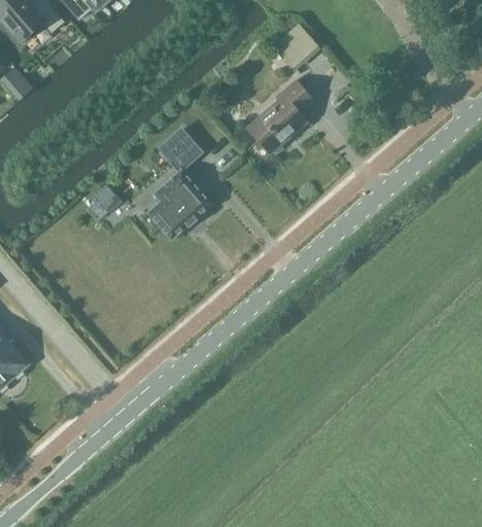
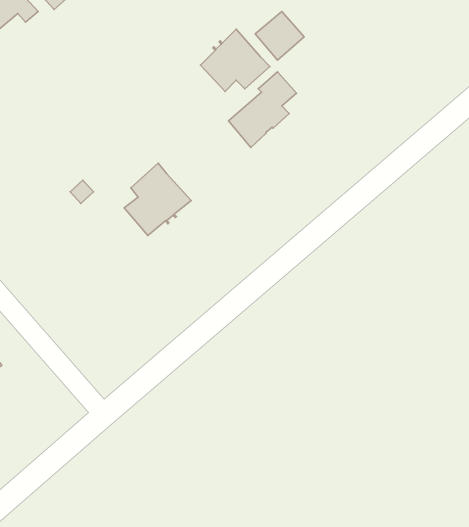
building: none -> [200,29,270,92]
building: [168,128,202,164] -> none

